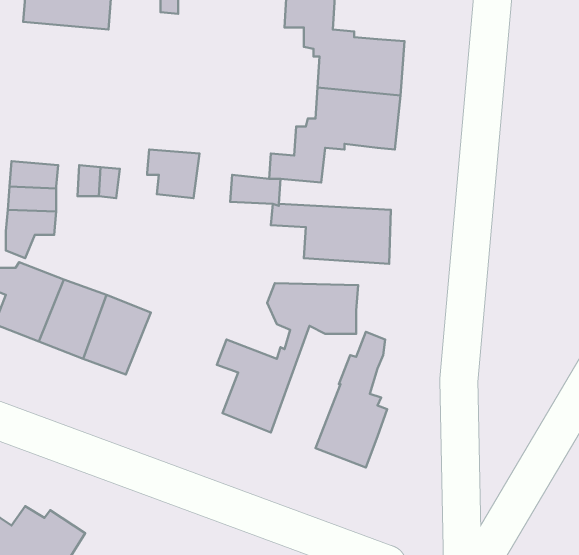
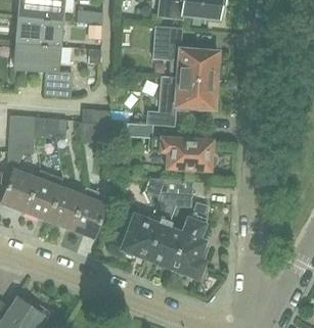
building: none -> [13,42,72,86]
building: none -> [71,187,106,237]
building: none -> [147,202,184,267]

